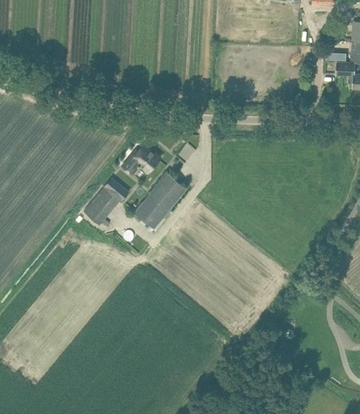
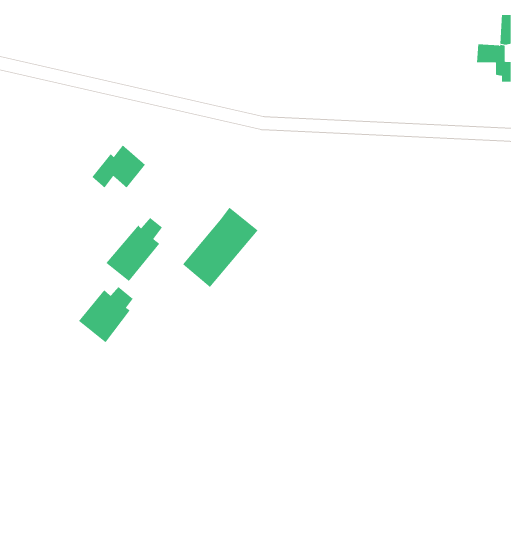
building: [123,144,160,174] -> [92,144,146,189]
building: none -> [78,286,133,343]

